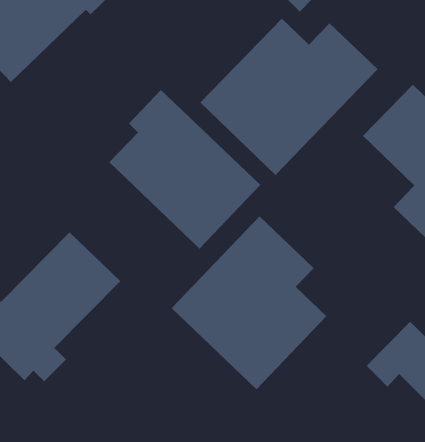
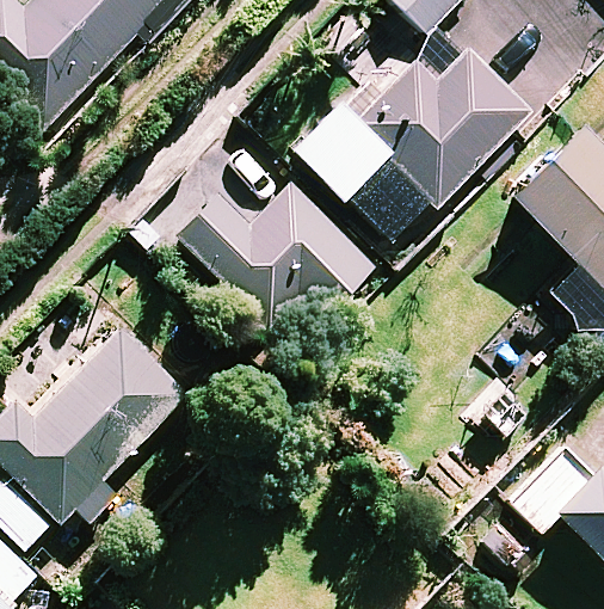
building: [171,215,327,390] -> none

